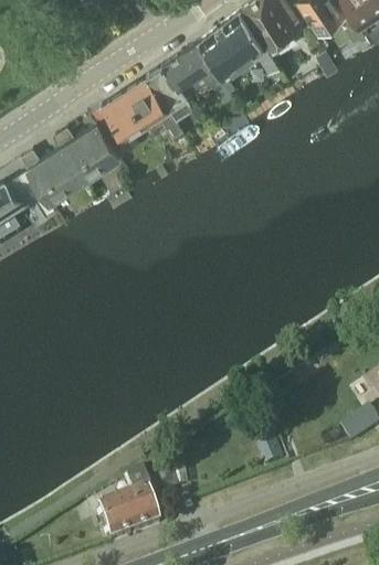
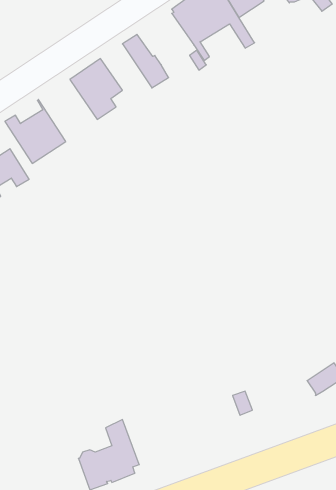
building: [162,36,222,95] -> none
building: [124,73,182,130] -> none
building: [59,120,120,175] -> none

